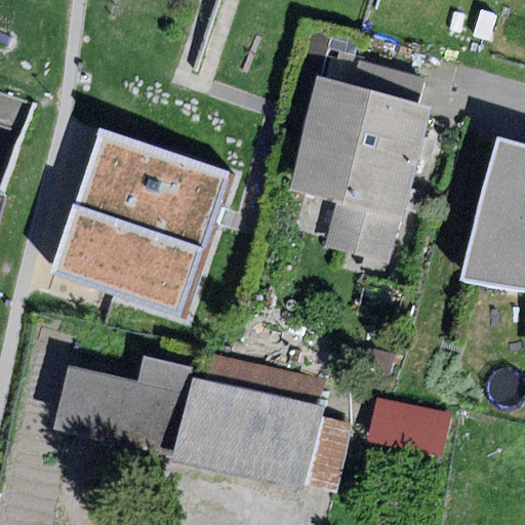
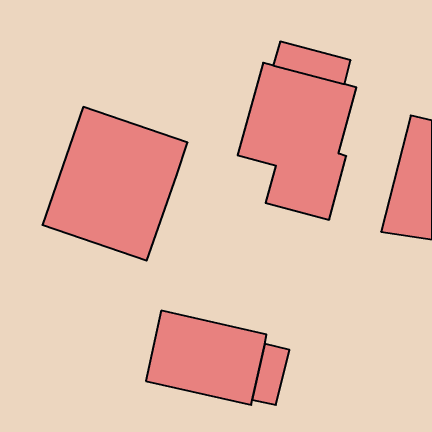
building: [58,357,187,453] -> none
building: [367,397,450,453] -> none

